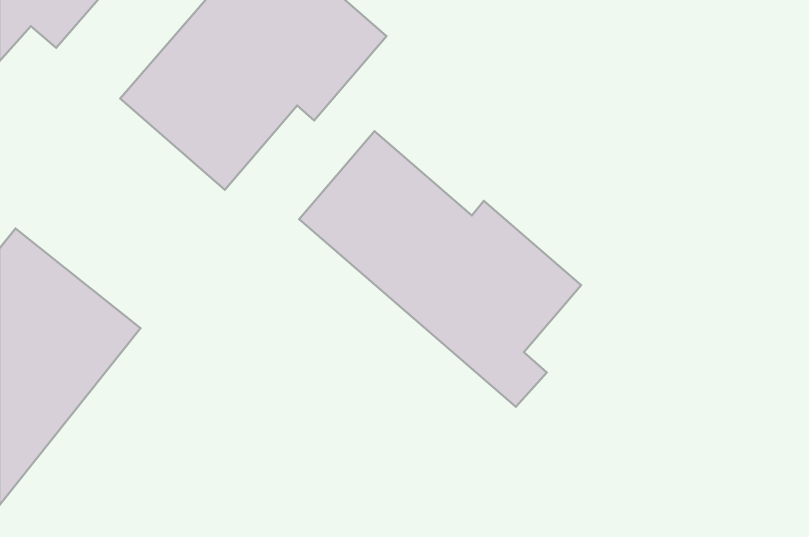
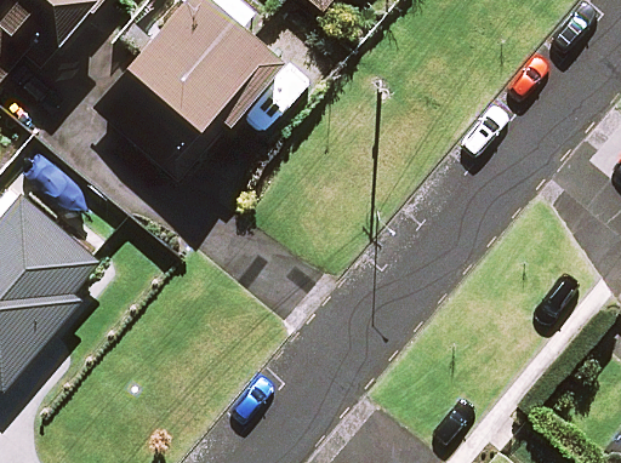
building: [299,131,581,407] -> none

